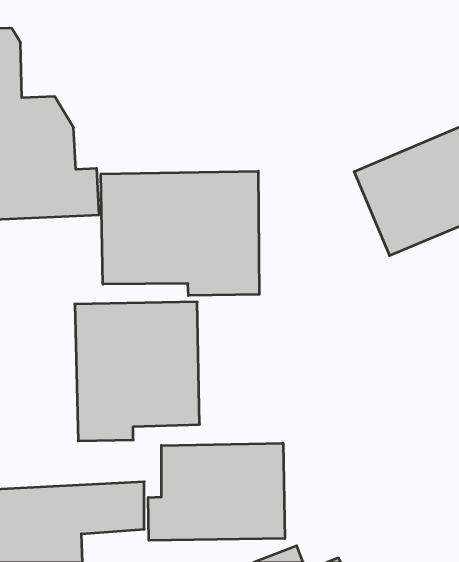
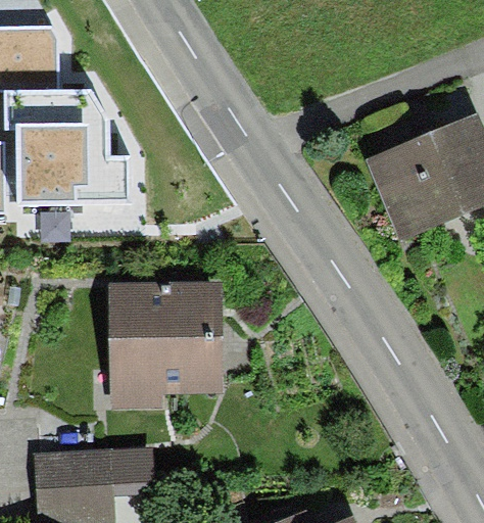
building: [101,171,259,296] -> none
building: [148,443,285,540] -> none

